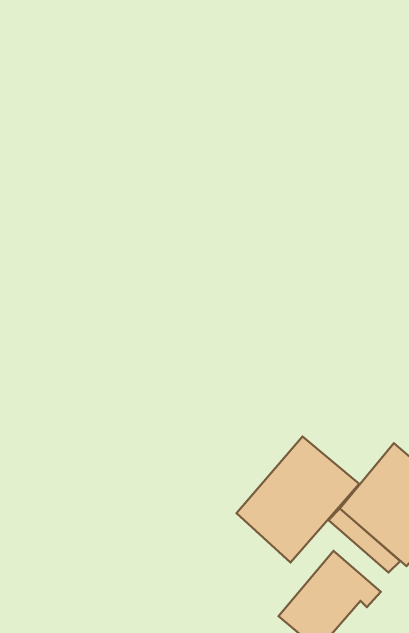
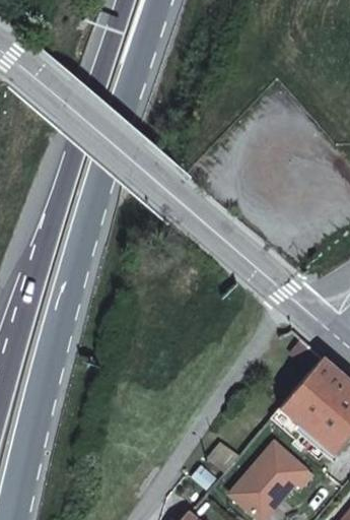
building: [237,437,359,562] -> none

